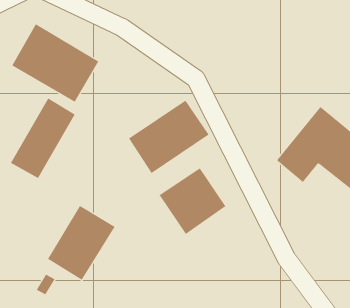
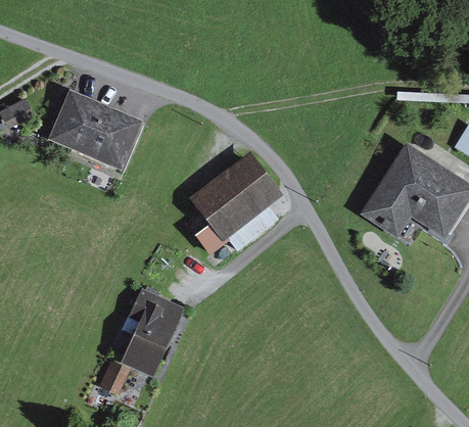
building: [10,97,76,179] -> none
building: [159,167,226,235] -> none

